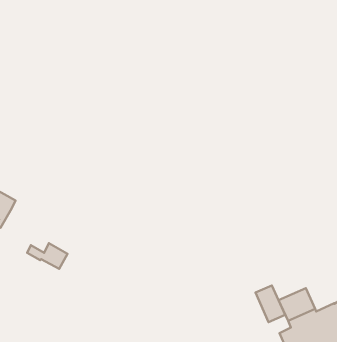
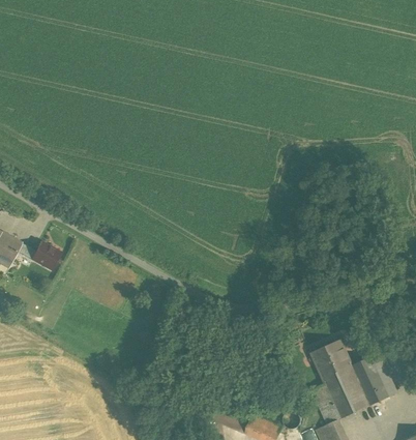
building: [27,243,68,269] -> [17,241,61,269]
building: [255,285,285,322] -> none

